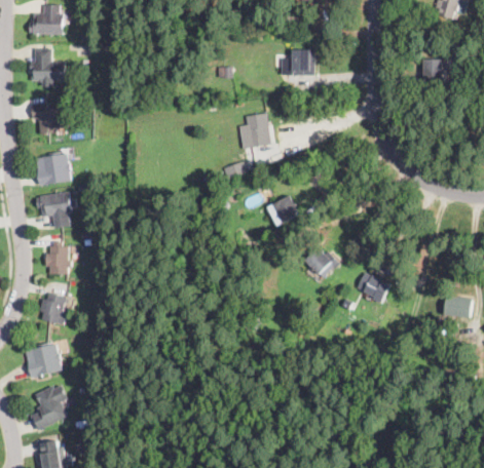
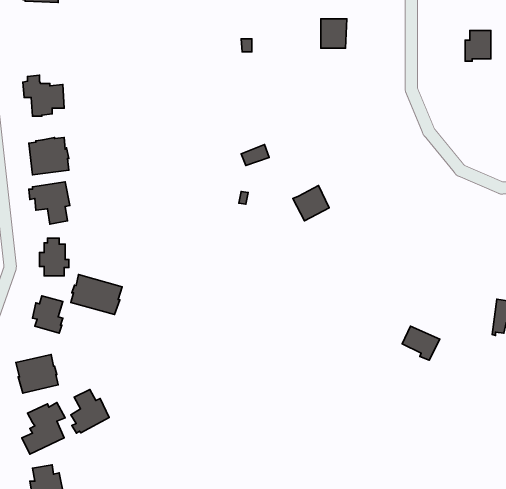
building: [30,44,65,86] -> none
building: [245,113,268,147] -> none
building: [304,248,330,279] -> none
building: none -> [71,275,122,315]
building: [356,273,388,303] -> [402,326,440,360]
building: none -> [71,389,109,433]

